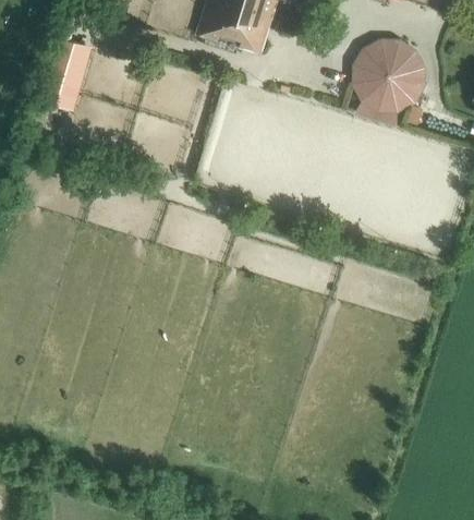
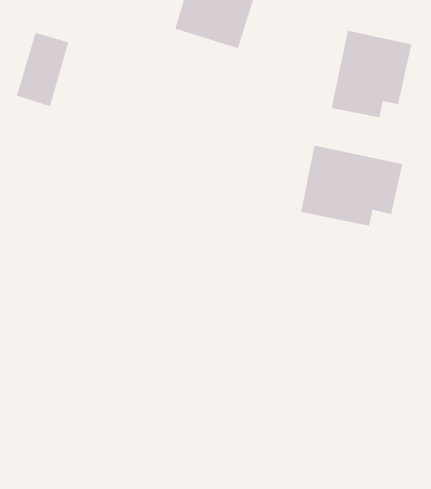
building: none -> [300,145,403,227]

